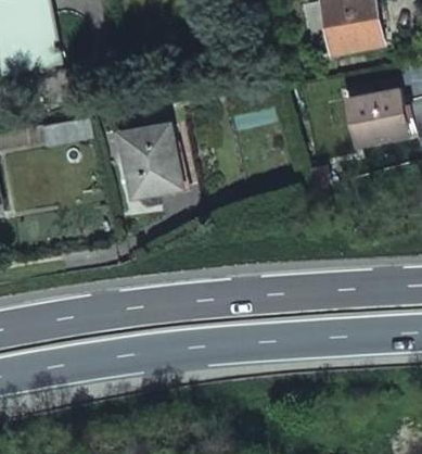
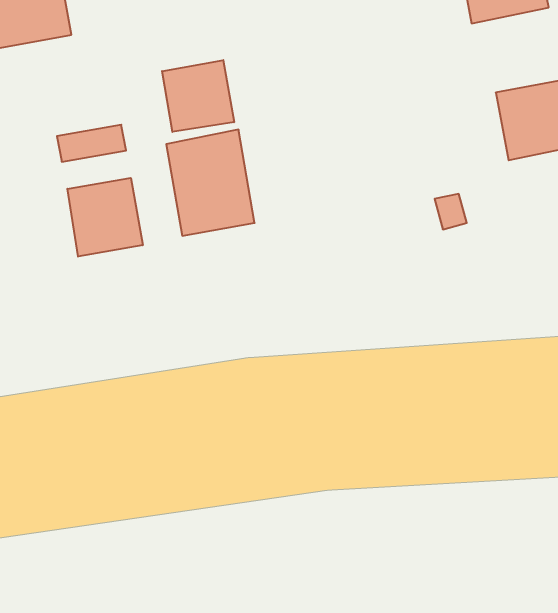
building: none -> [162,60,234,132]
building: none -> [67,178,143,257]

